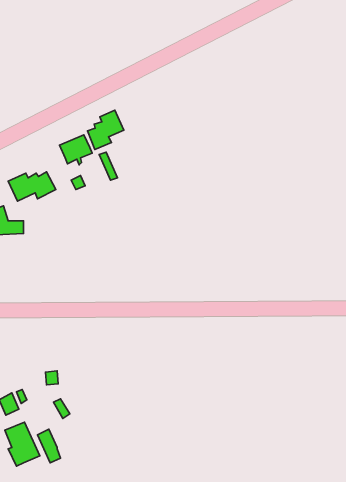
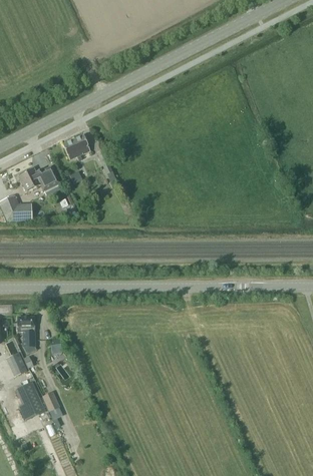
building: [88,110,124,149] -> none
building: none -> [17,317,35,347]

